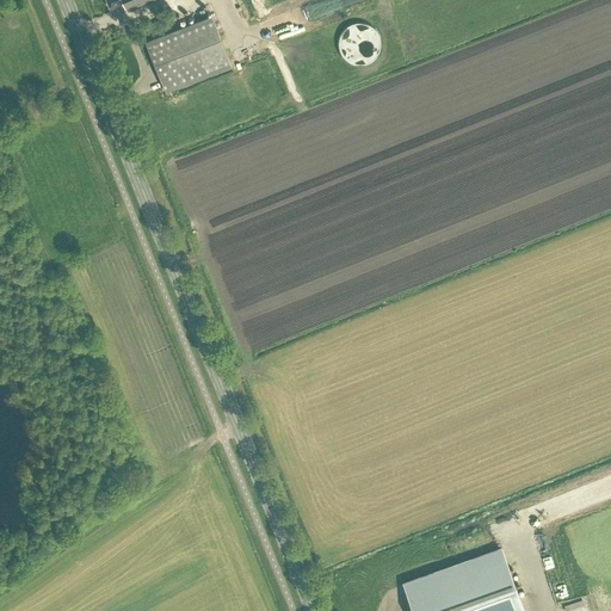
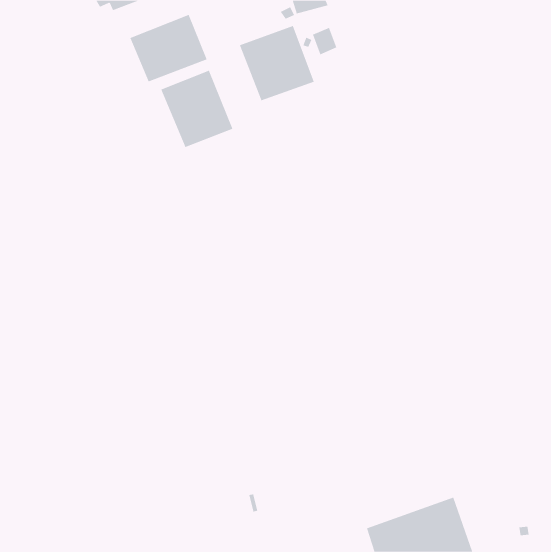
building: none -> [239,25,314,101]
building: none -> [161,70,233,148]

